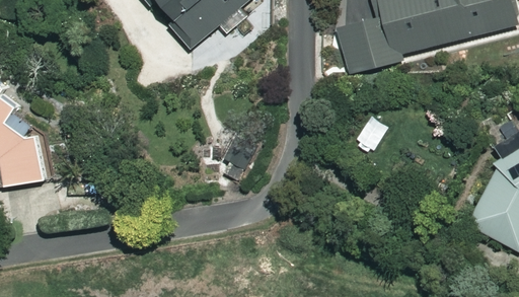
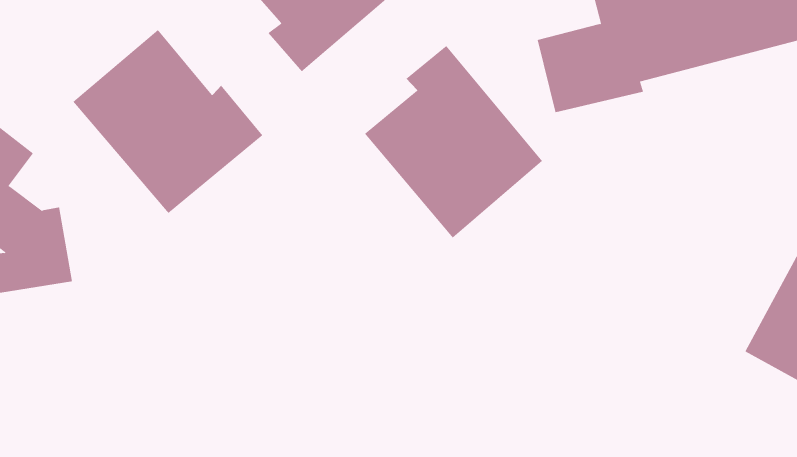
building: none -> [73,29,263,214]
building: none -> [364,45,543,238]

